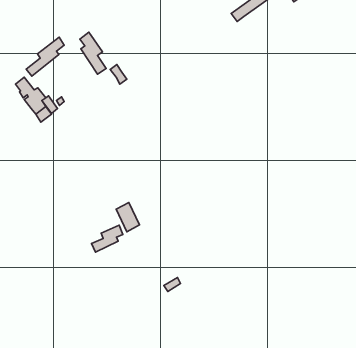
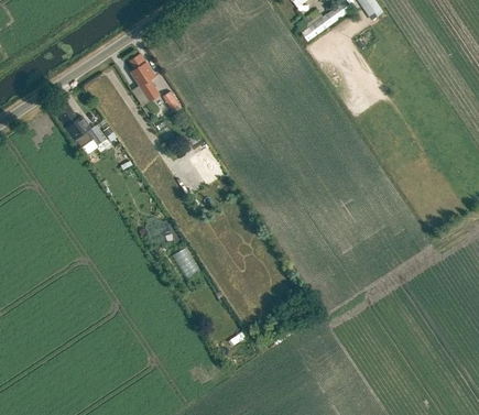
building: [26,37,64,76] -> none
building: [92,225,123,252] -> none

